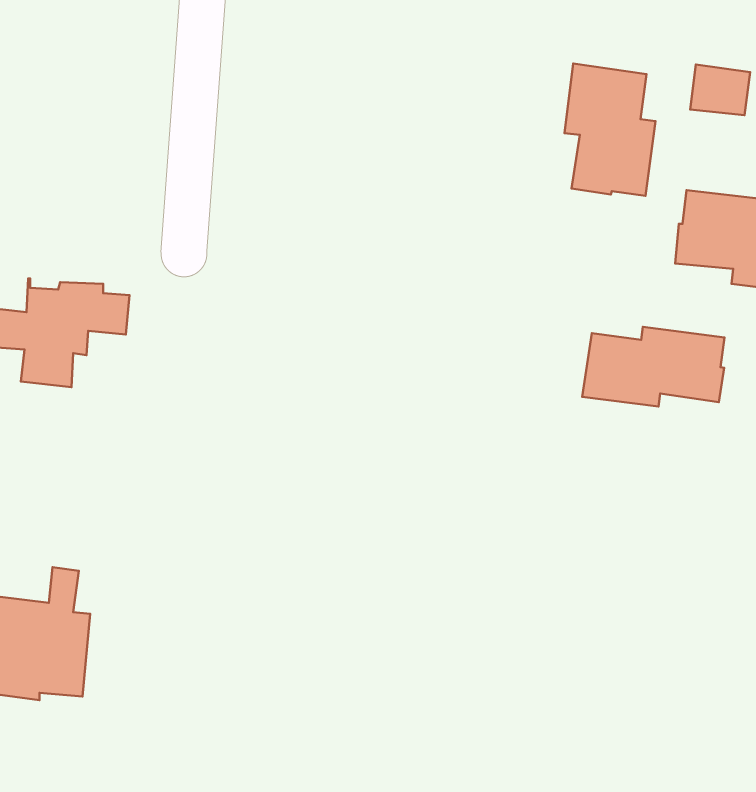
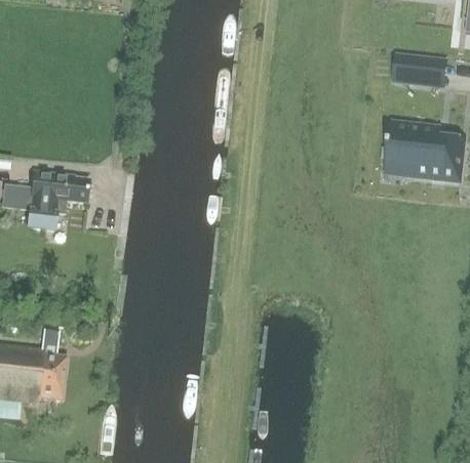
building: [565,63,656,196] -> none
building: [582,327,725,406] -> none

